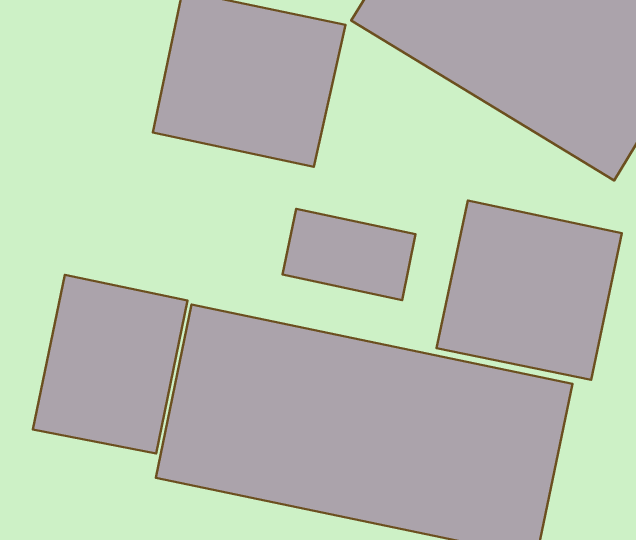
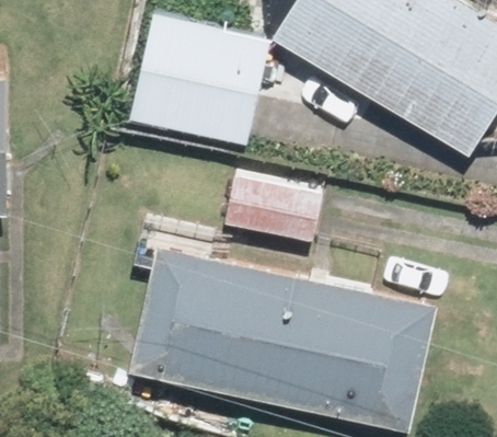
building: [436,200,622,380] -> none
building: [33,275,188,454] -> none

